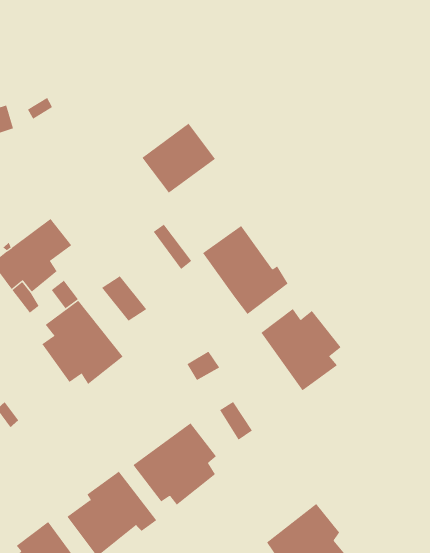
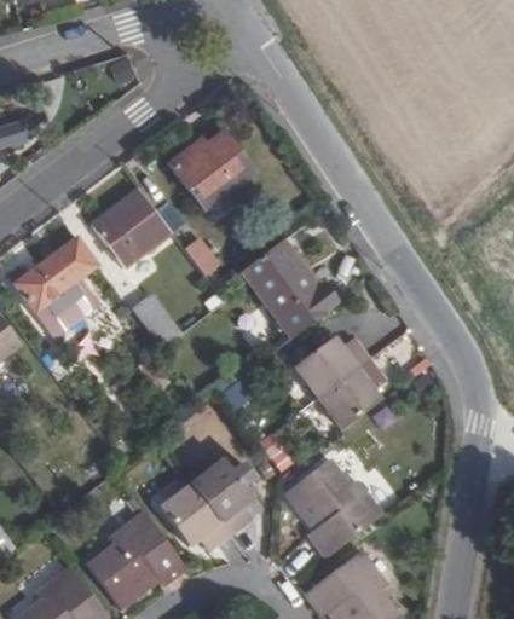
building: none -> [91,192,171,270]
building: [42,300,124,385] -> none
building: none -> [289,453,383,550]

